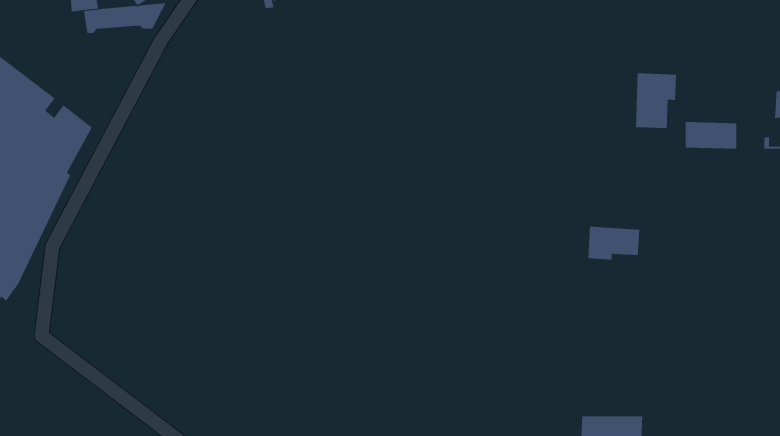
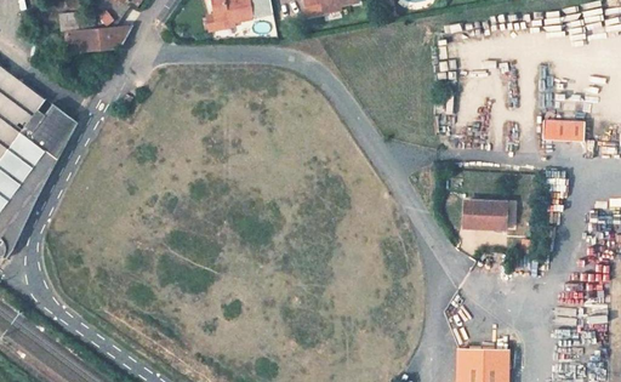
building: [636,72,676,129] -> none

